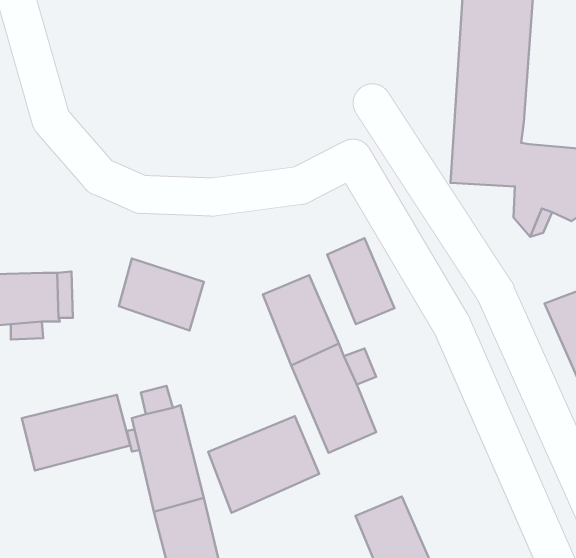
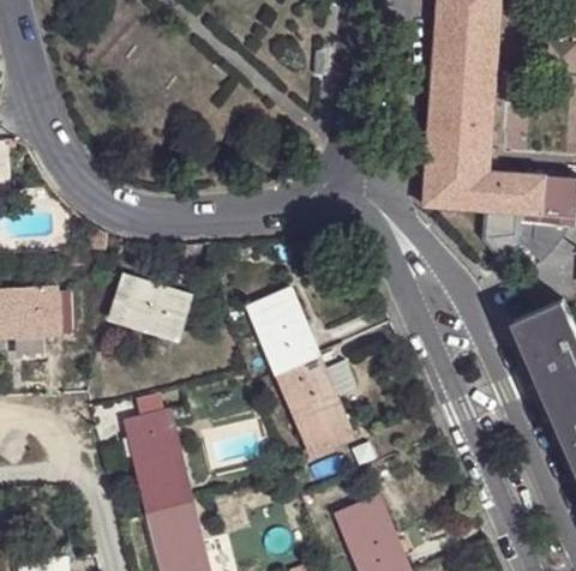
building: [327,238,394,324] -> none
building: [22,395,130,470] -> none
building: [208,416,319,513] -> none

